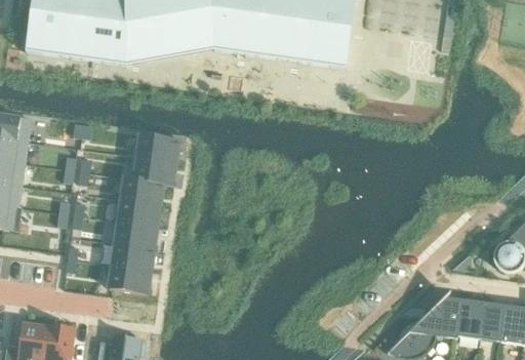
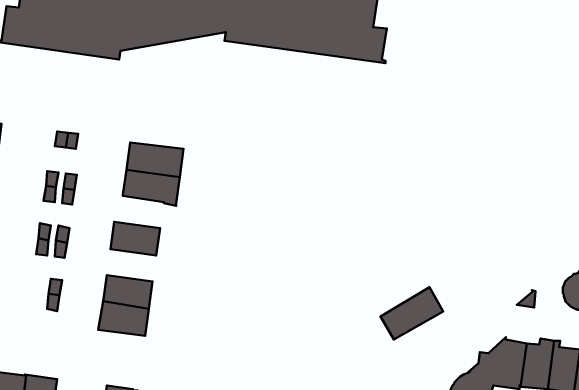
building: [122,175,163,203] -> none
building: [116,221,157,247] -> none
building: none -> [380,287,443,340]

